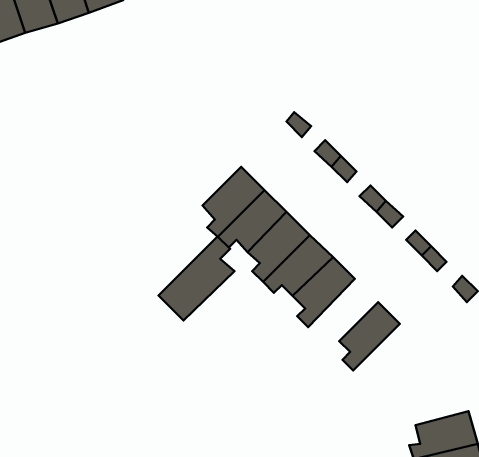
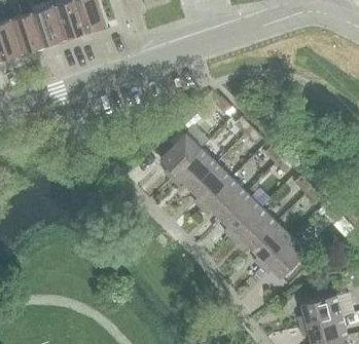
building: [159,237,234,320] -> none
building: none -> [231,208,278,250]
building: none -> [261,238,308,279]

